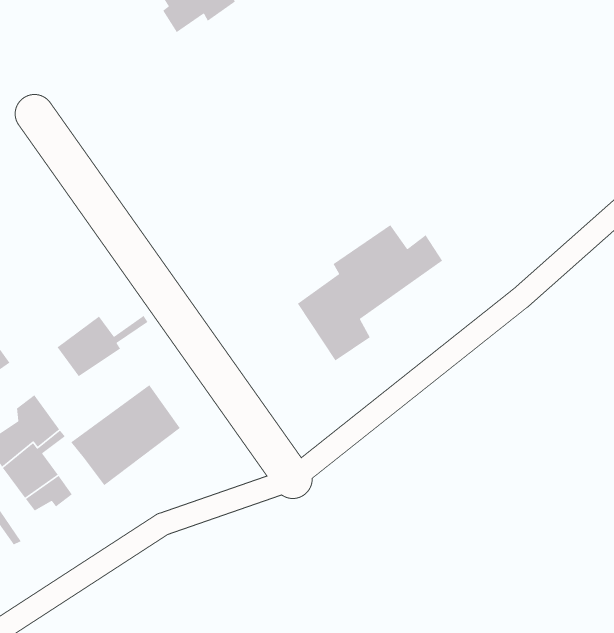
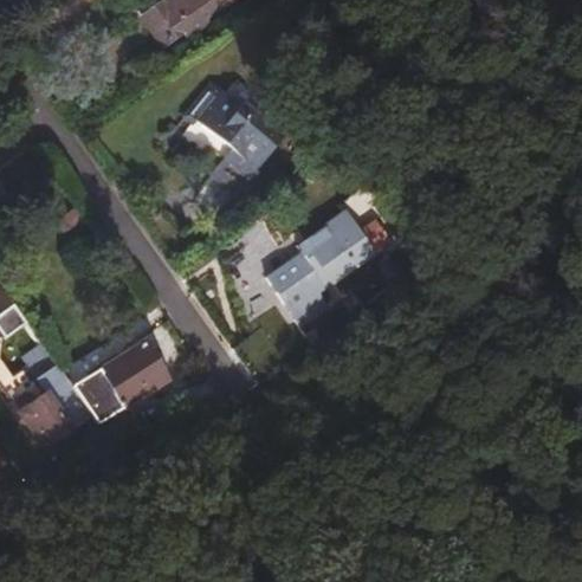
building: none -> [181,86,278,193]
building: [56,315,148,377] -> none

